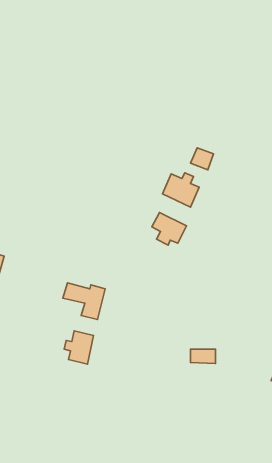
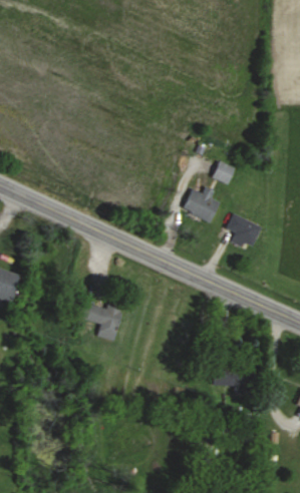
building: [152,213,186,245] -> [226,213,262,248]
building: [64,331,93,364] -> none

